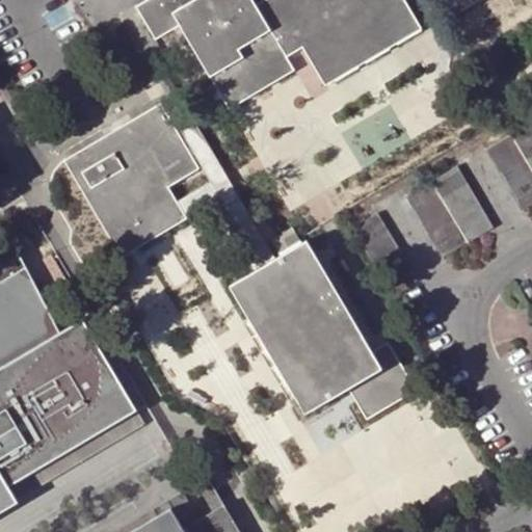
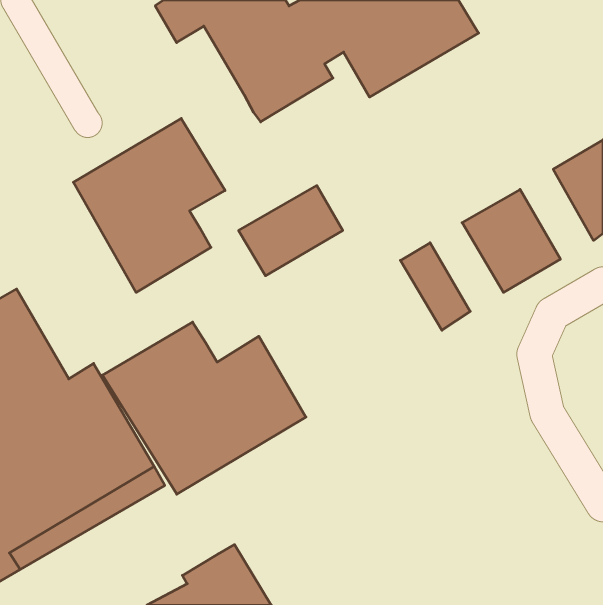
building: none -> [239,186,343,276]
building: [232,241,414,419] -> none
building: none -> [102,322,306,494]

